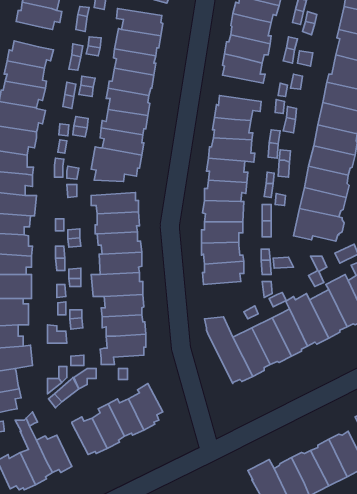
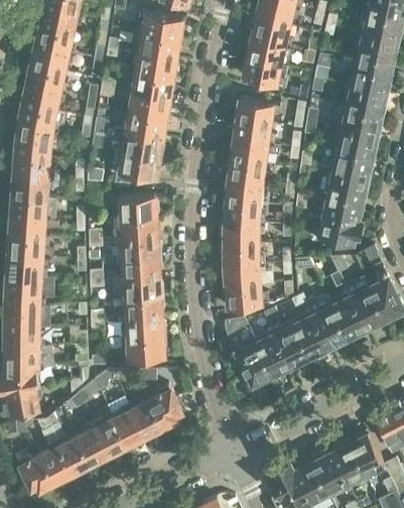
building: none -> [34,25,77,53]
building: none -> [224,284,267,315]
building: none -> [78,424,109,469]

